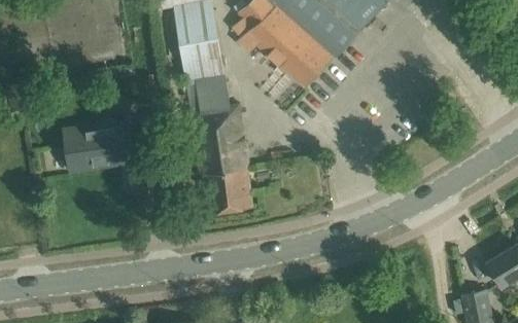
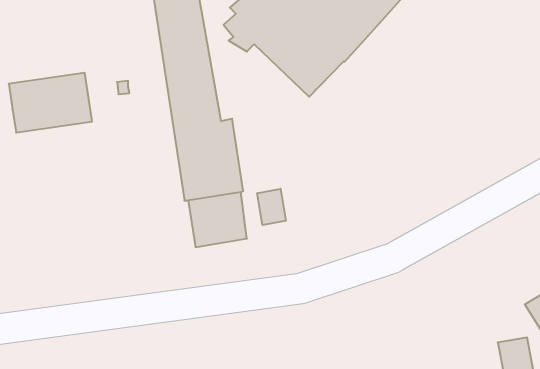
building: [64,120,134,171] -> [9,73,92,133]
building: none -> [257,189,286,225]

